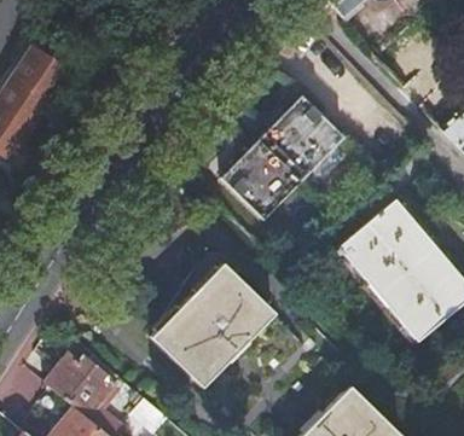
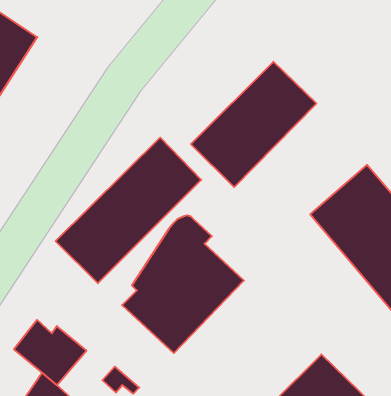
building: none -> [56,138,201,283]

